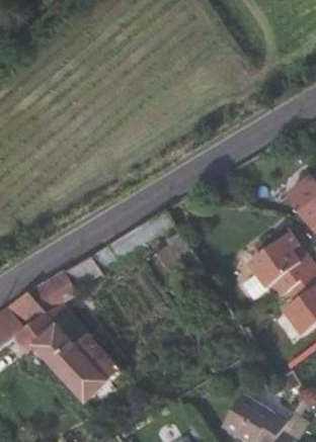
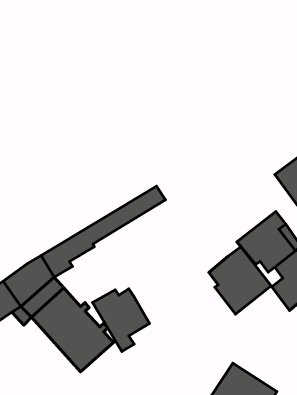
building: none -> [209,247,271,314]
building: none -> [92,289,149,352]

